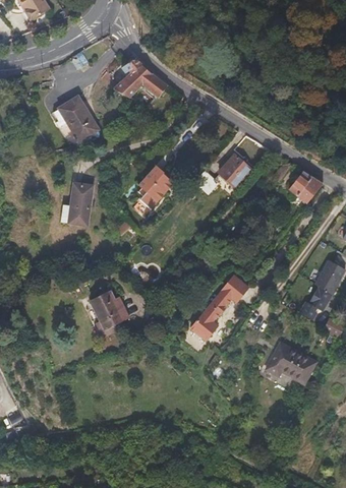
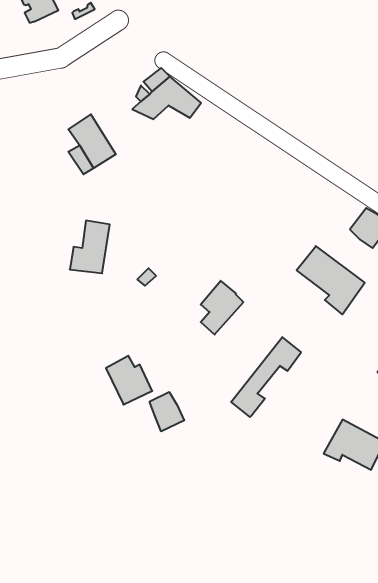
building: [217,154,249,186] -> none
building: [138,166,173,209] -> [201,281,243,335]
building: none -> [297,246,365,314]
building: none -> [150,392,184,431]

